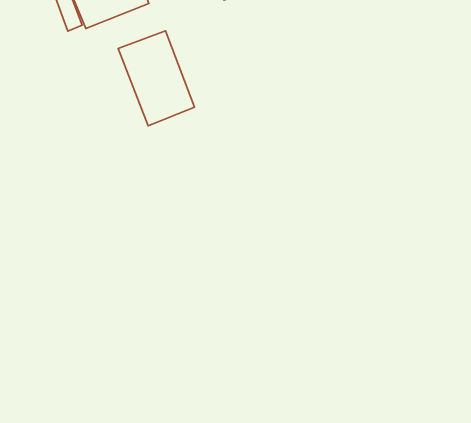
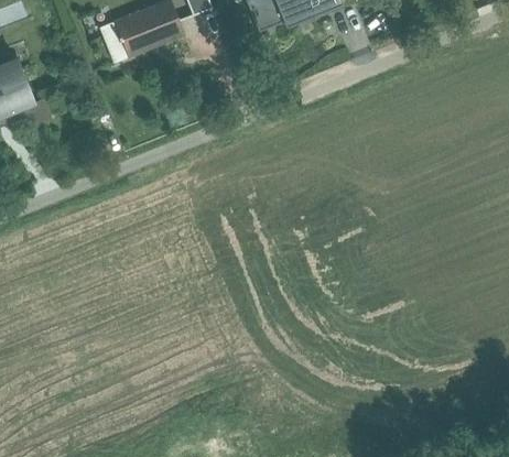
building: [118,31,194,126] -> none

